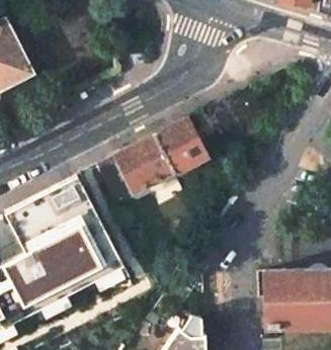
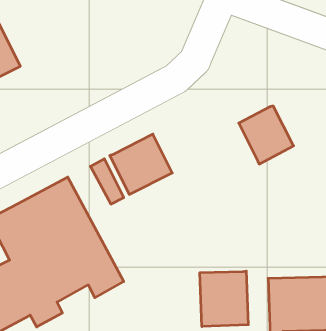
building: [156,119,208,174] -> [239,106,294,164]
building: none -> [200,271,248,327]

